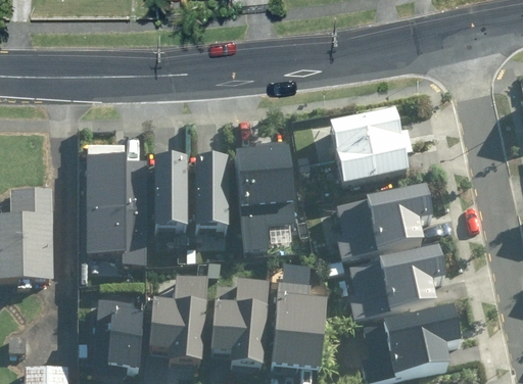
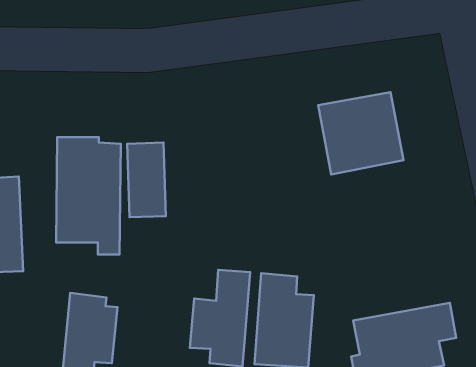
building: [235,151,294,250] -> none
building: [193,159,227,229] -> none
building: [335,188,432,256] -> none
building: [348,249,445,318] -> none
building: [149,273,207,363] -> none

